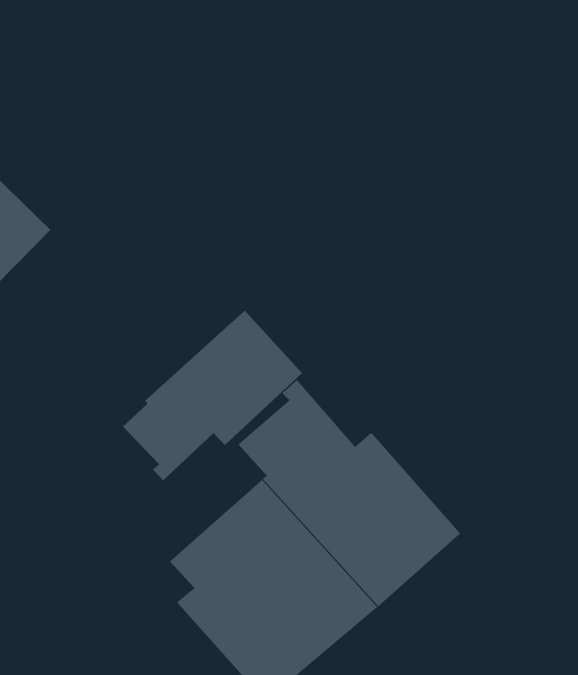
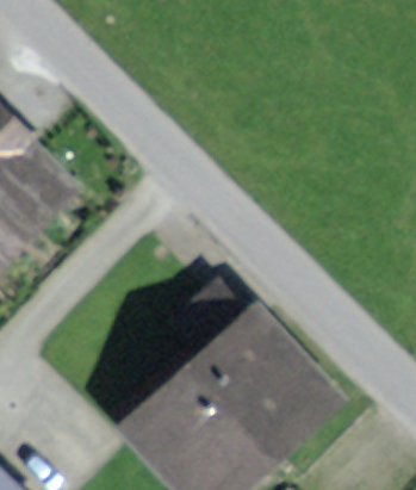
building: [122,310,303,481] -> none

